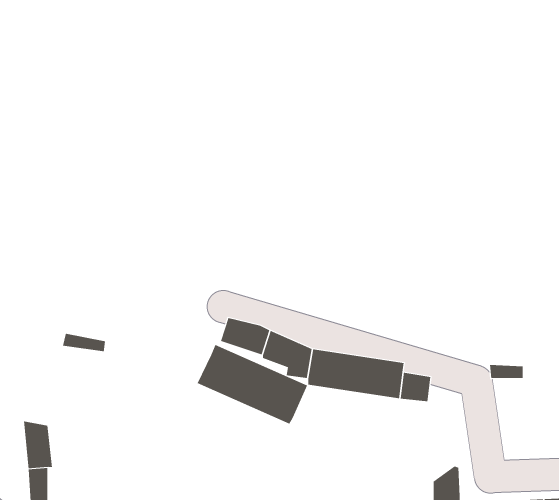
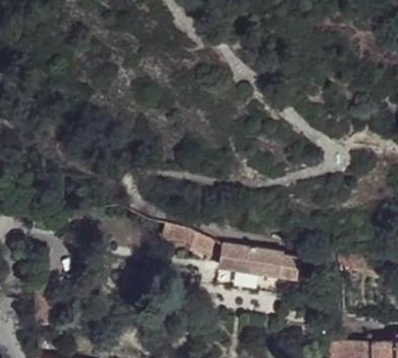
building: [197,344,308,424] -> none

